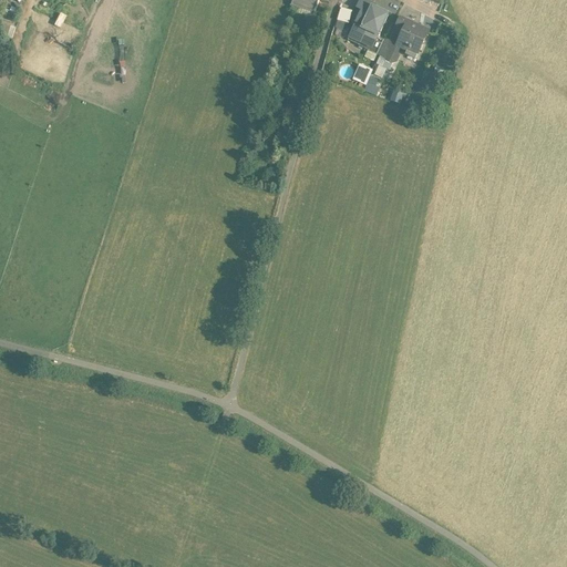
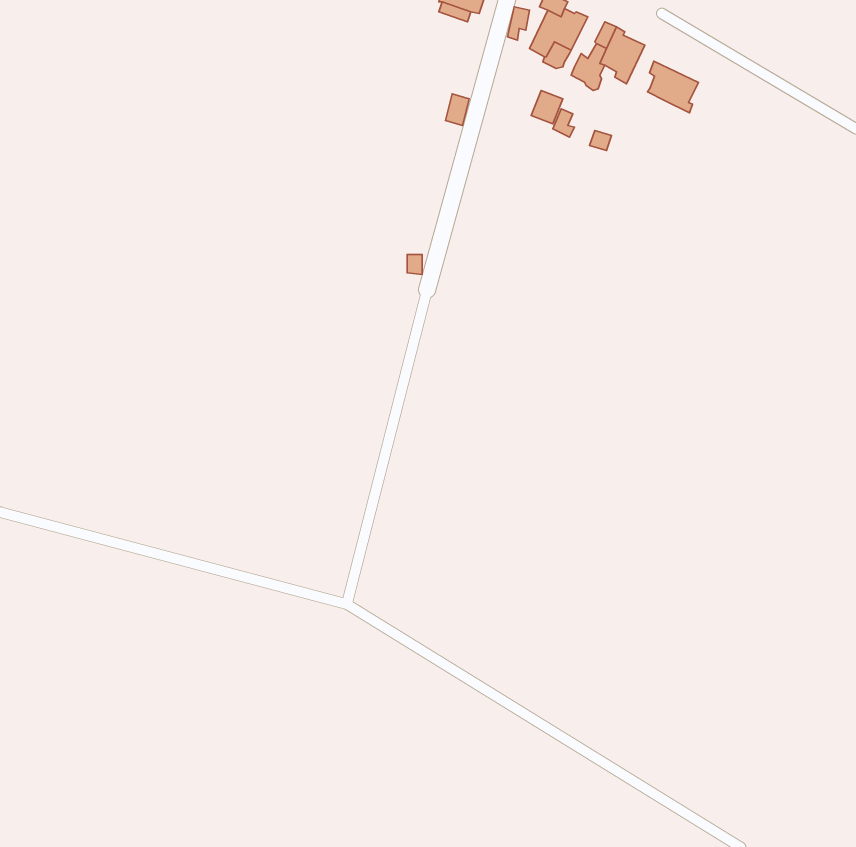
building: none -> [647,61,698,113]

